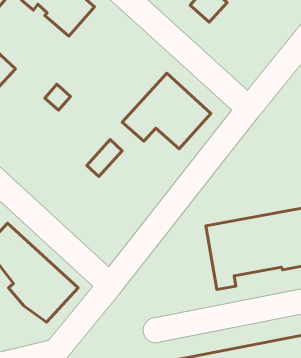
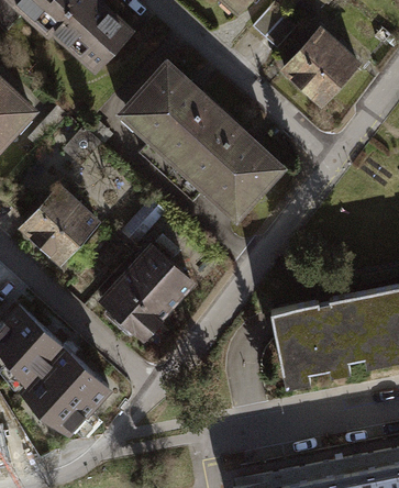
building: none -> [286,32,359,106]
building: none -> [128,66,224,179]
building: none -> [24,189,98,263]
building: none -> [104,247,193,337]

